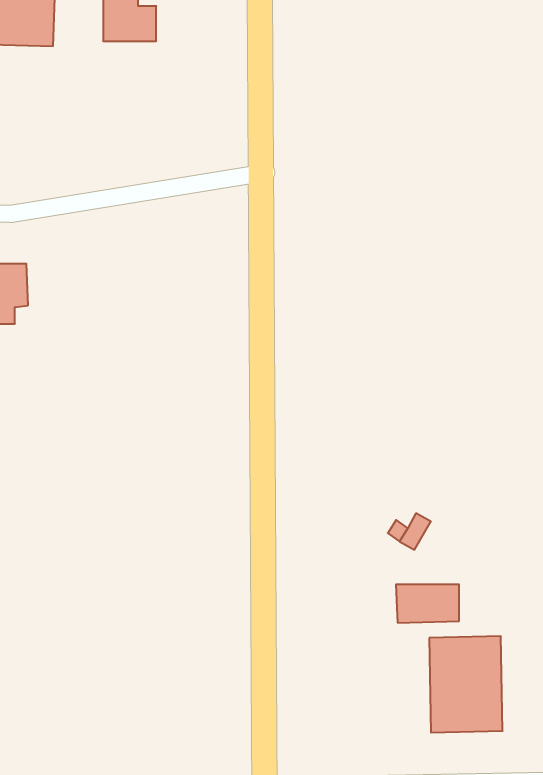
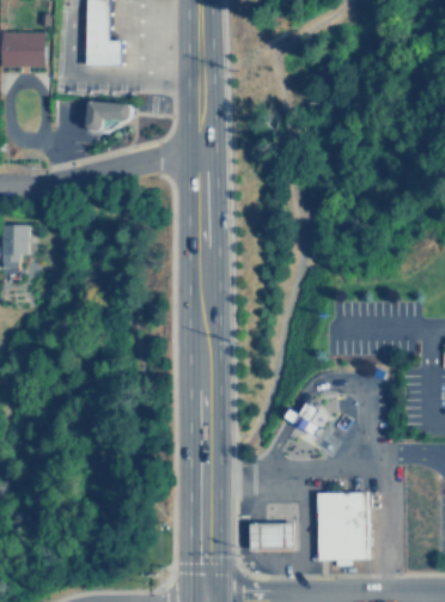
building: none -> [90,102,133,129]
building: [396,584,459,623] -> [252,524,298,552]

